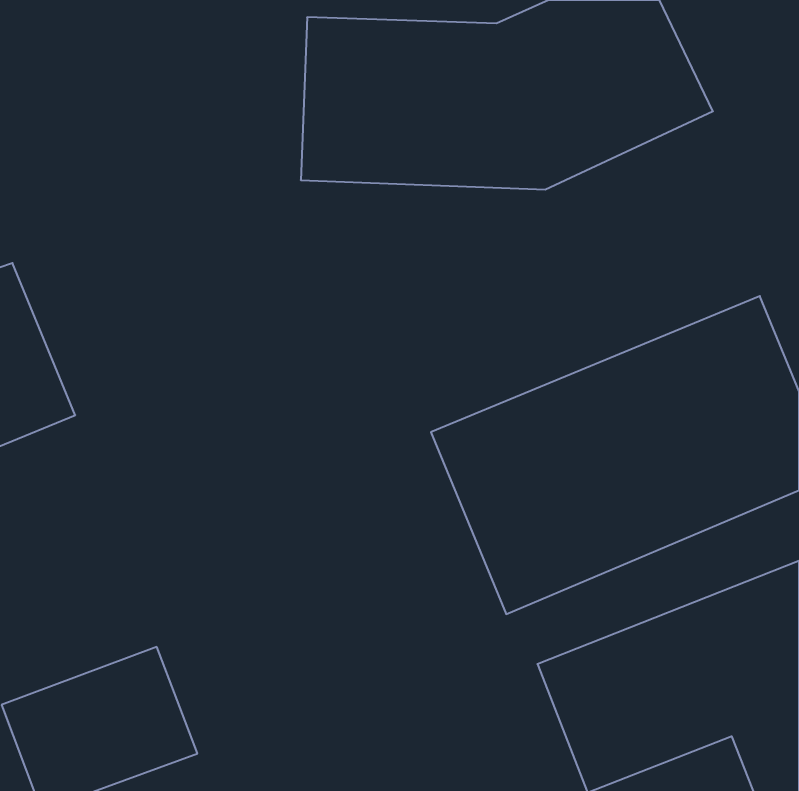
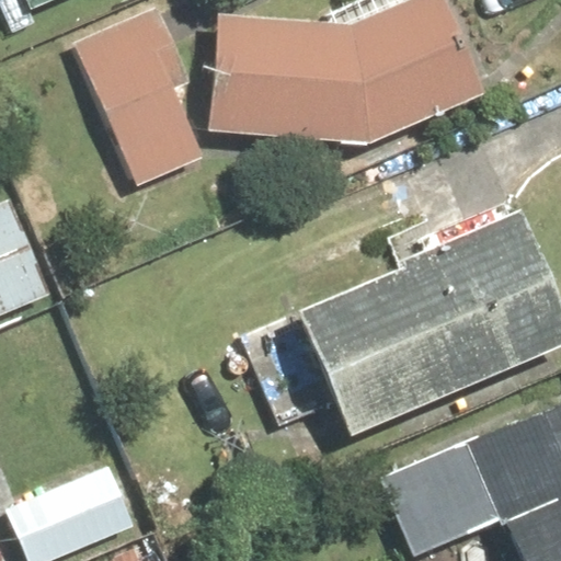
building: none -> [72,12,209,196]

